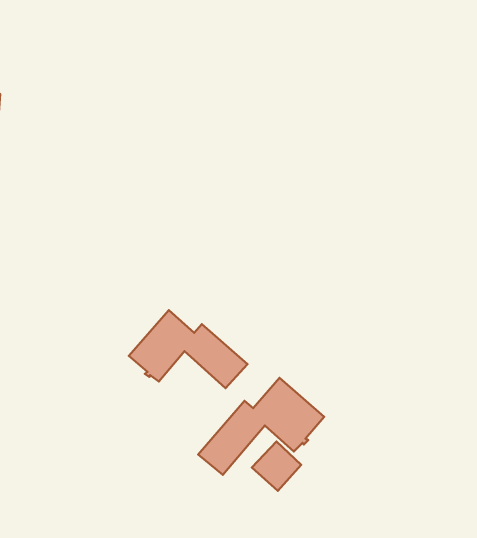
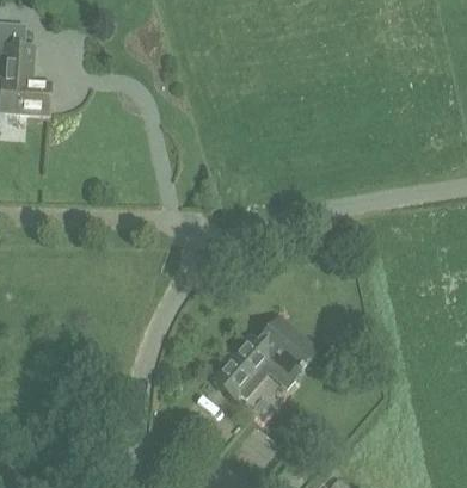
building: [129,310,247,388] -> none

